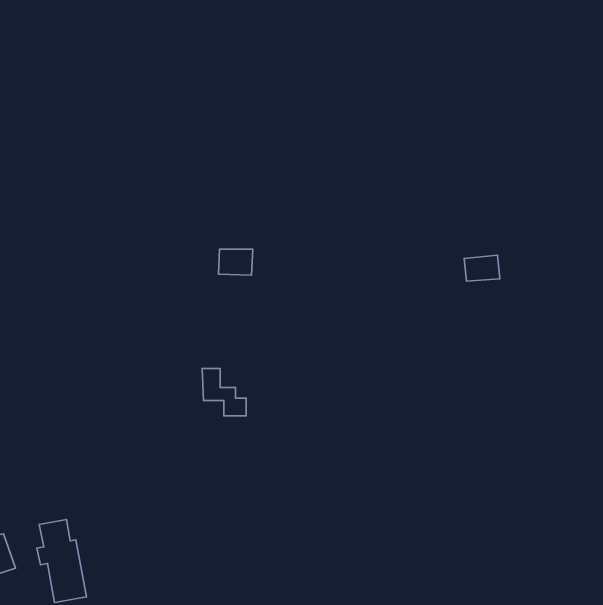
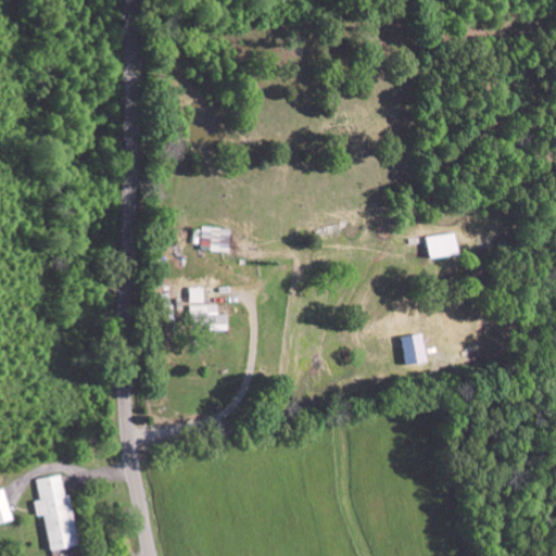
building: none -> [403,334,428,366]
building: [202,368,246,416] -> [188,288,228,331]

